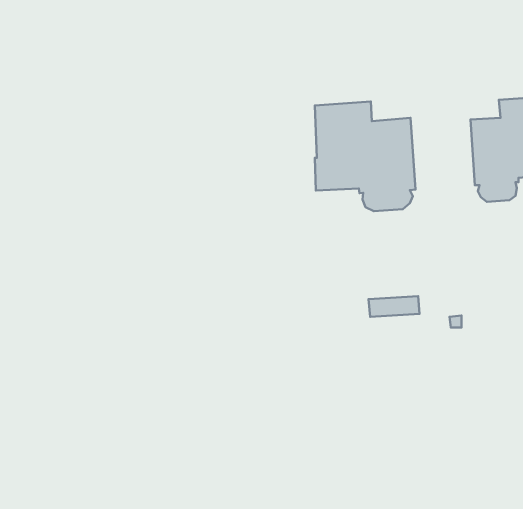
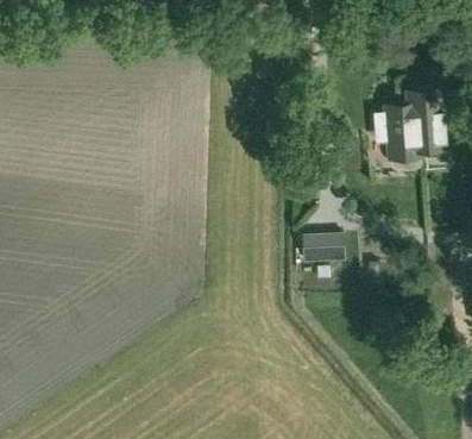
building: [315,102,416,211] -> none

